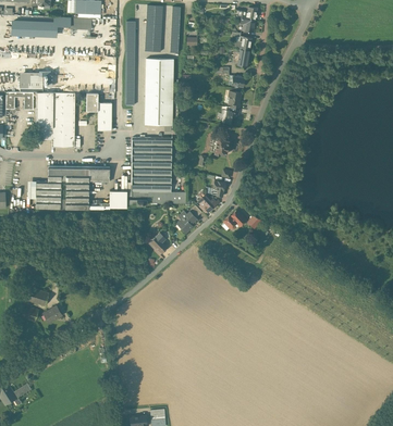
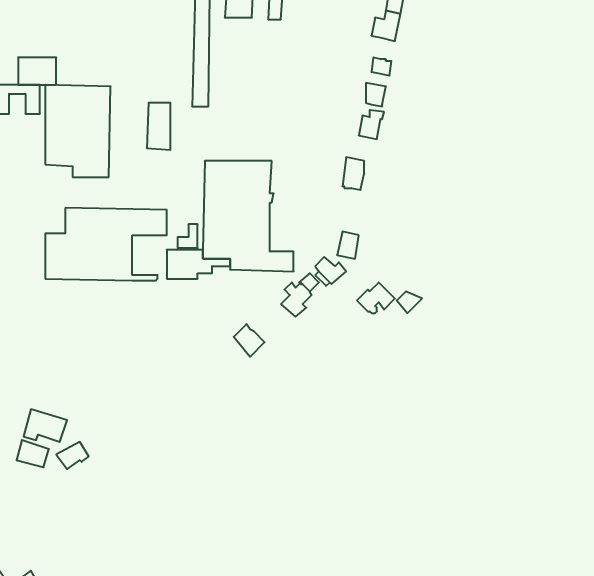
building: [145,59,173,125] -> none

